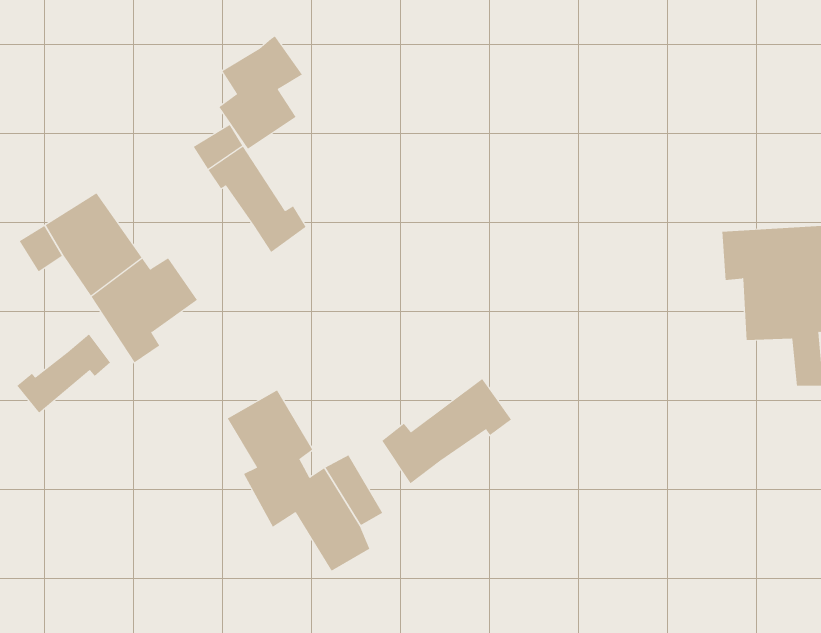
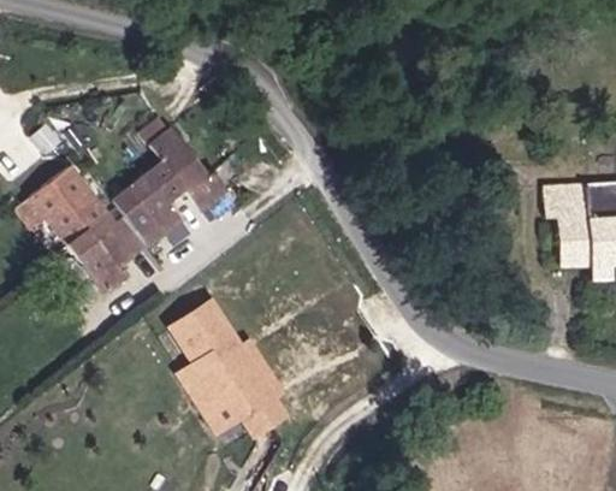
building: [218,35,303,149] -> [128,159,190,243]
building: [16,334,111,413] -> none
building: [382,378,512,484] -> none

